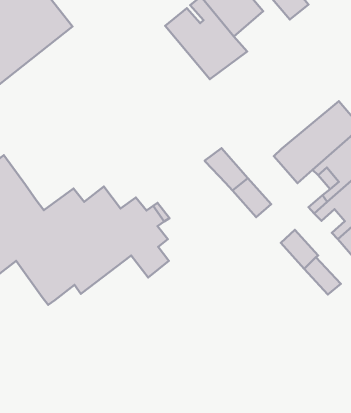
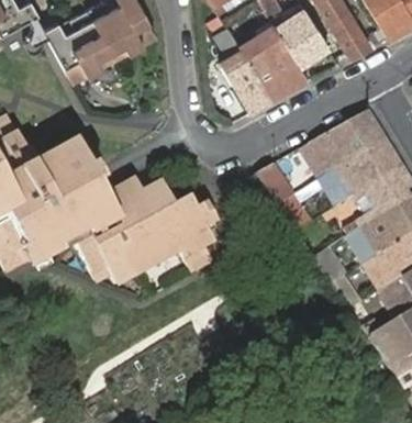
building: none -> [218,31,272,114]
building: none -> [302,111,386,179]

